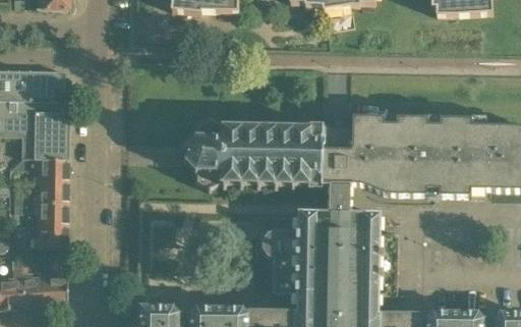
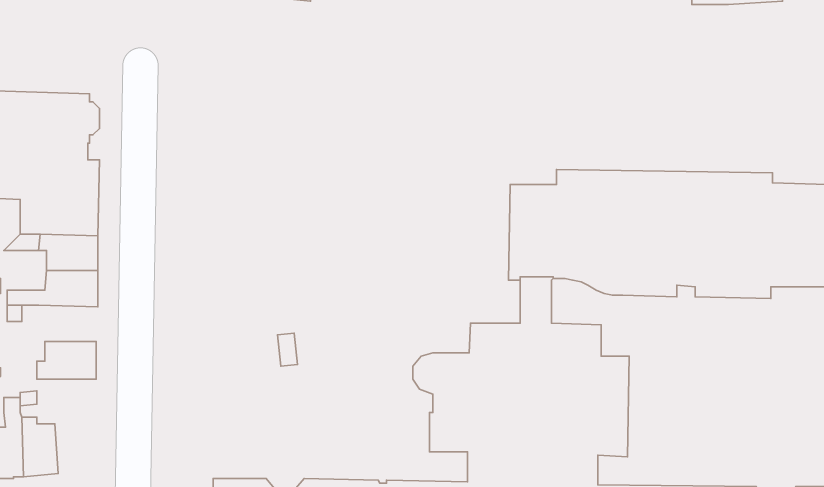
building: [183,115,323,187] -> none
building: [32,199,68,221] -> none
building: [42,265,66,303] -> none

